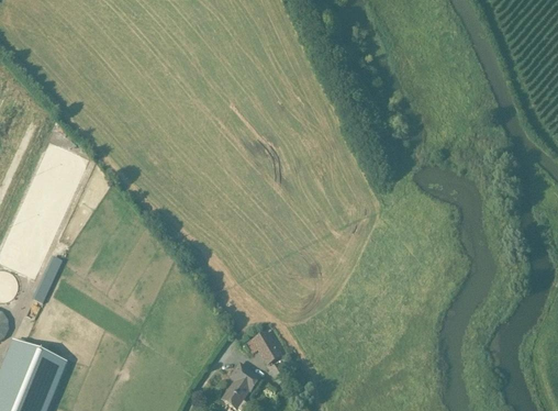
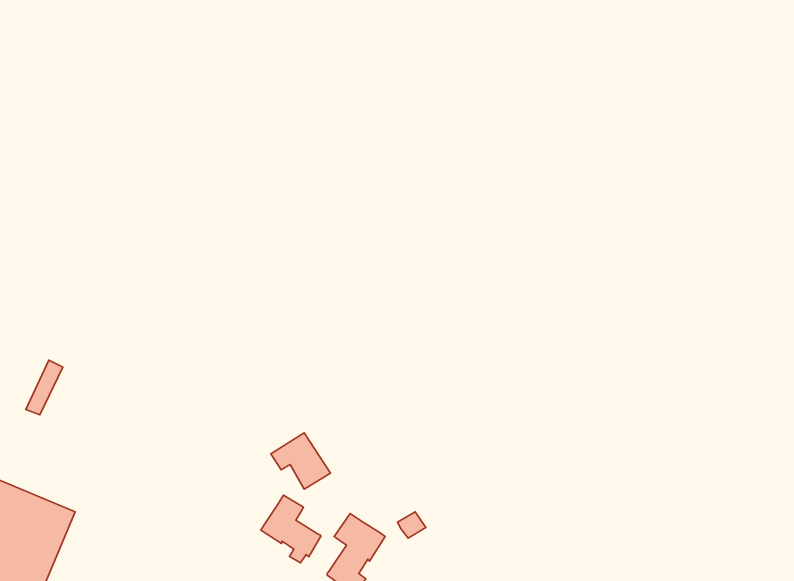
building: [245,327,282,363] -> [271,433,331,489]
building: none -> [261,495,321,563]

